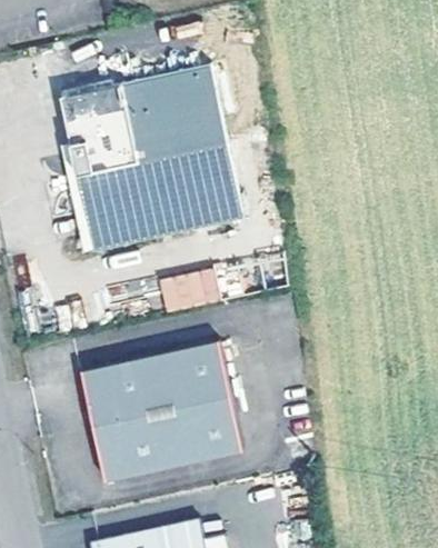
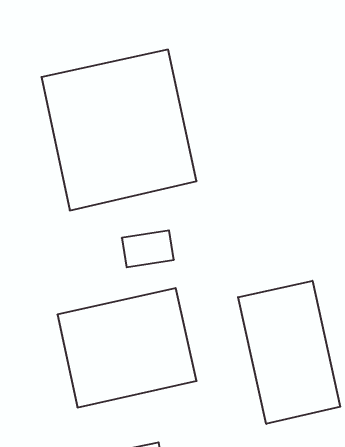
building: none -> [238,281,340,424]

